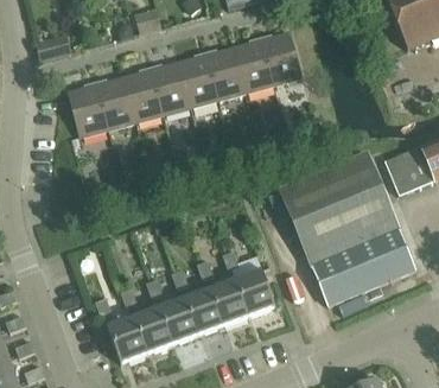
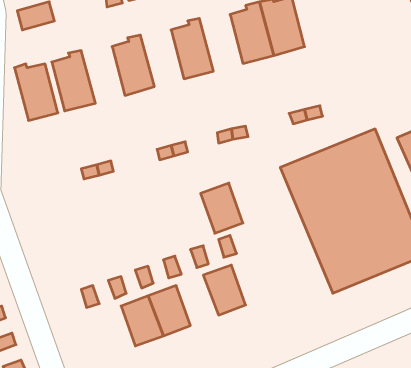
building: [205,46,246,98] -> none
building: [151,61,191,113] -> none
building: [96,76,136,128] -> [14,64,58,120]
building: [235,268,274,314] -> [201,183,243,233]
building: [184,287,223,333] -> none
building: [106,316,146,362] -> none

